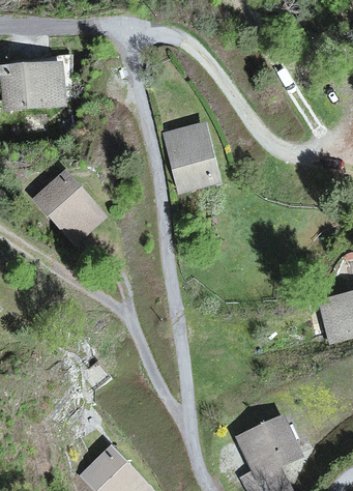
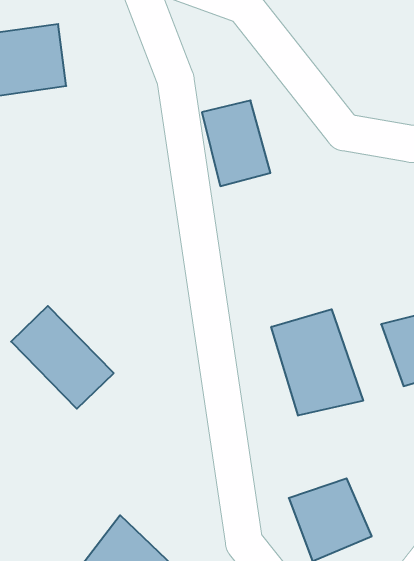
building: [28,166,109,247] -> [11,306,114,409]
building: none -> [271,309,363,416]

